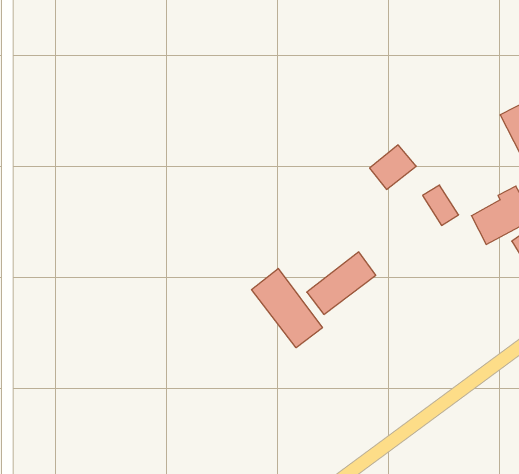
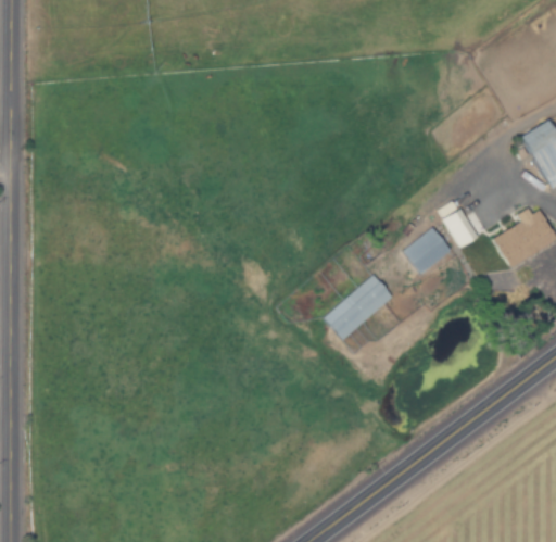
building: [370,145,416,189] -> [404,228,452,274]
building: [252,268,322,348] -> none

